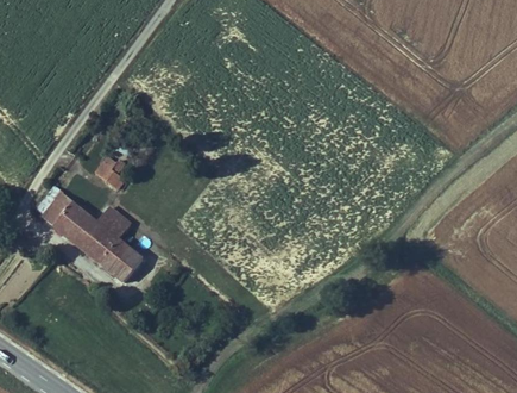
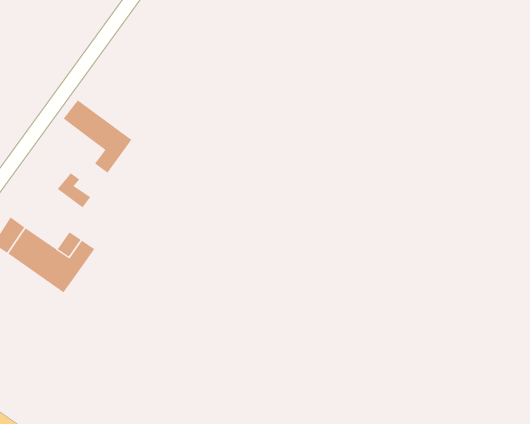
building: none -> [63,99,132,174]
building: [100,238,144,280] -> none

